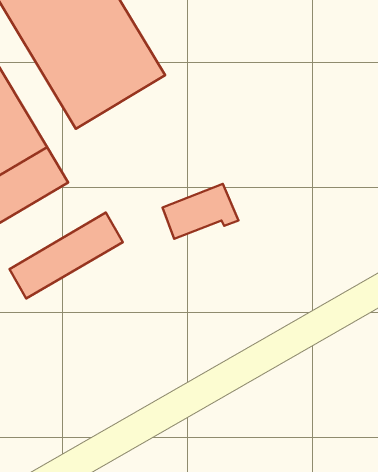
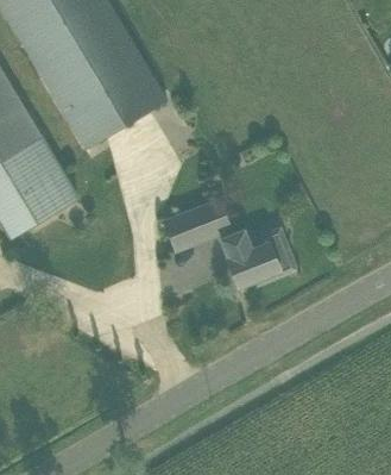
building: [9,213,123,299] -> none
building: none -> [219,227,296,287]

